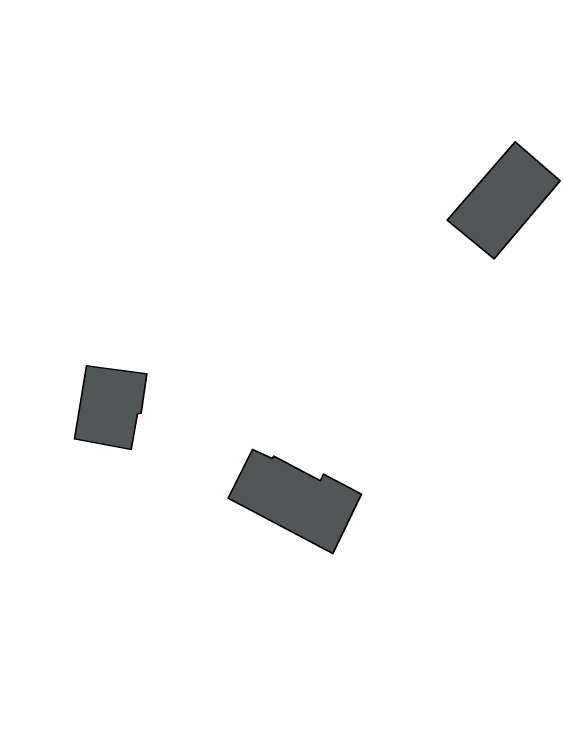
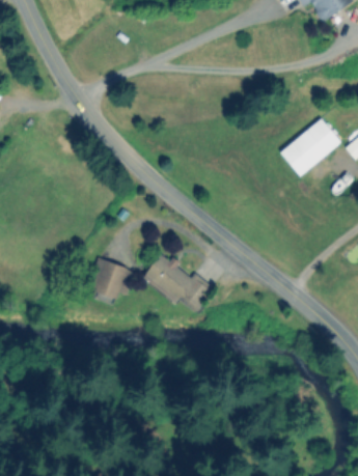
building: [75,366,147,449] -> [85,258,128,305]

